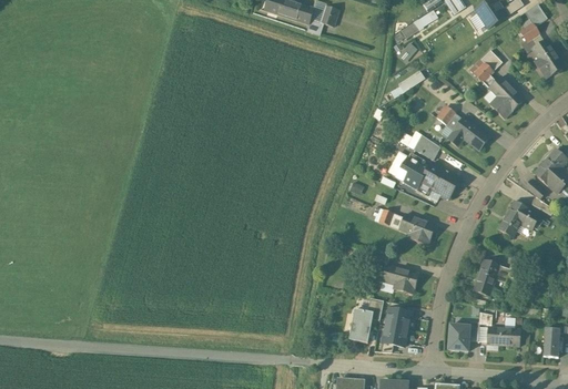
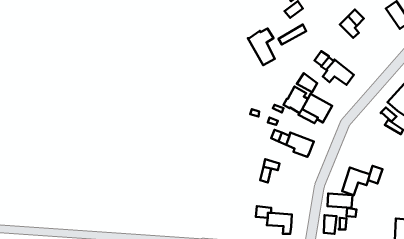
building: none -> [248,29,275,65]
building: [487,75,523,117] -> none
building: [497,201,539,237] -> none
building: [382,265,417,294] -> none
building: [486,327,519,346] -> [327,194,352,208]

